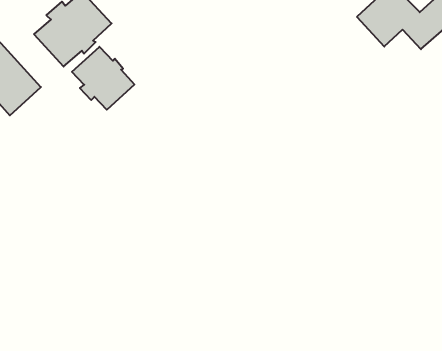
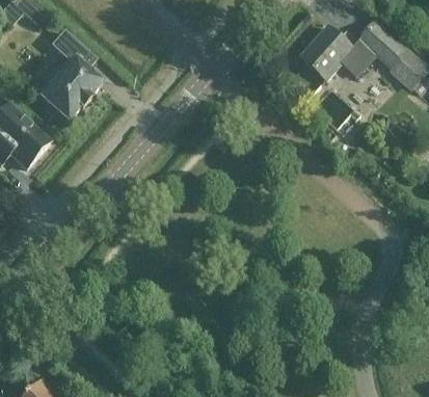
building: [72,47,134,110] -> none

